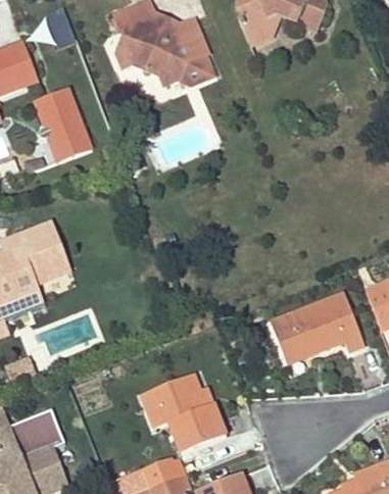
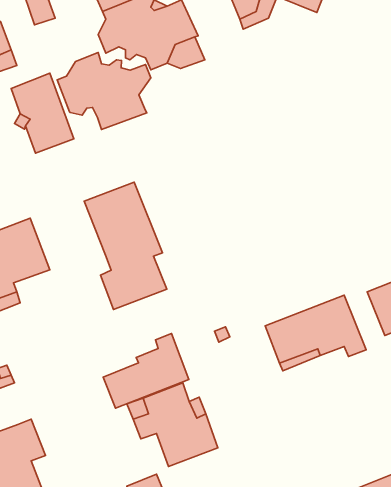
building: none -> [57,53,151,130]
building: none -> [84,182,167,309]
building: none -> [103,333,189,408]

